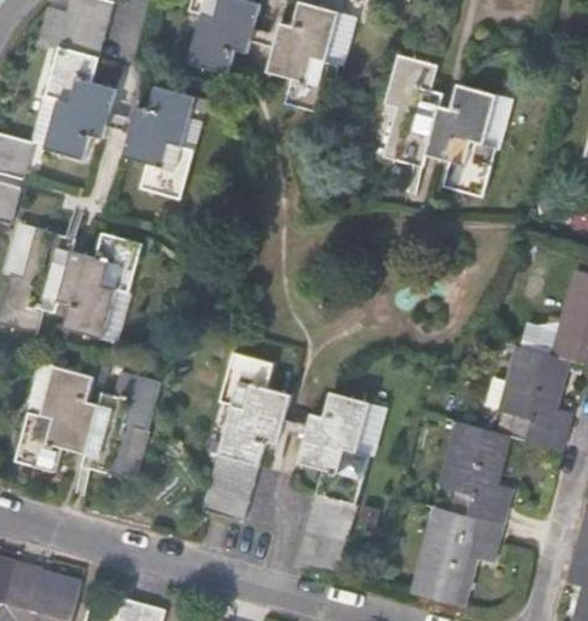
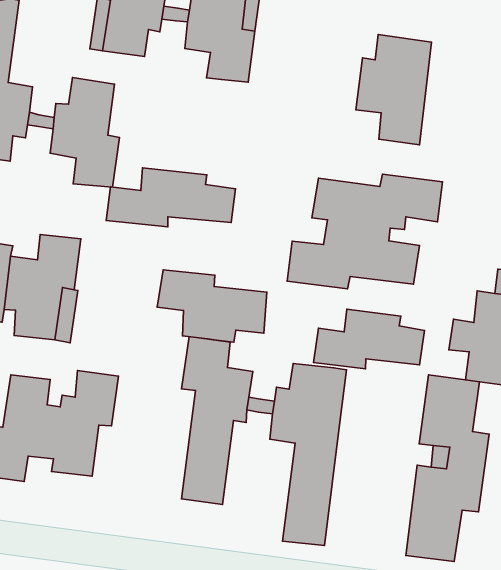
building: [384,55,441,166] -> none
building: none -> [106,168,235,227]
building: none -> [287,174,443,289]
building: none -> [157,270,267,342]
building: none -> [314,309,424,369]

